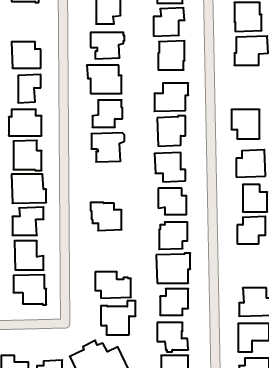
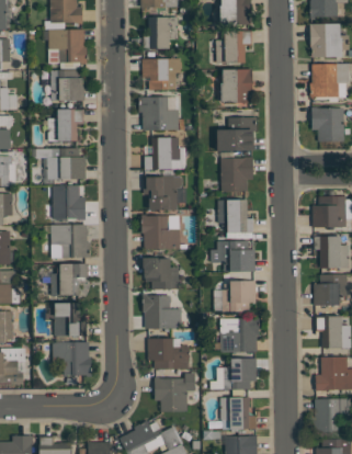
building: none -> [48,30,87,65]
building: [231,110,260,139] -> [311,107,344,141]
building: none -> [141,215,180,249]
building: none -> [143,295,182,329]
building: none -> [315,316,341,348]

